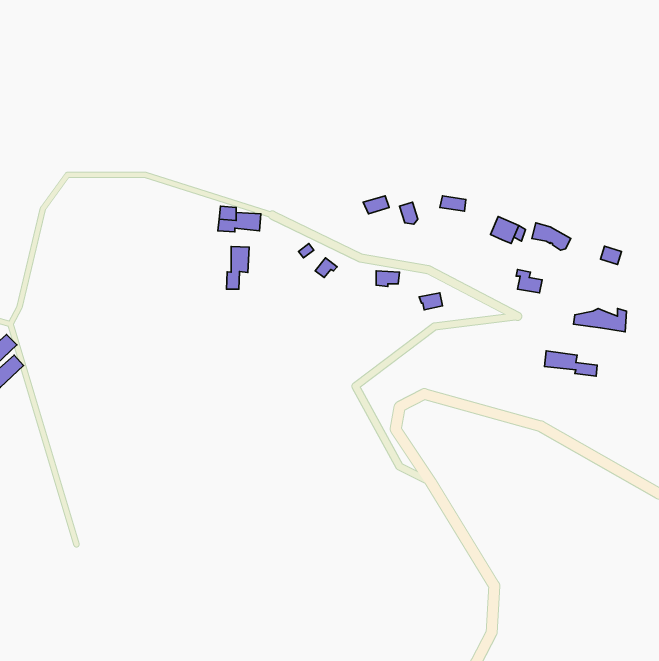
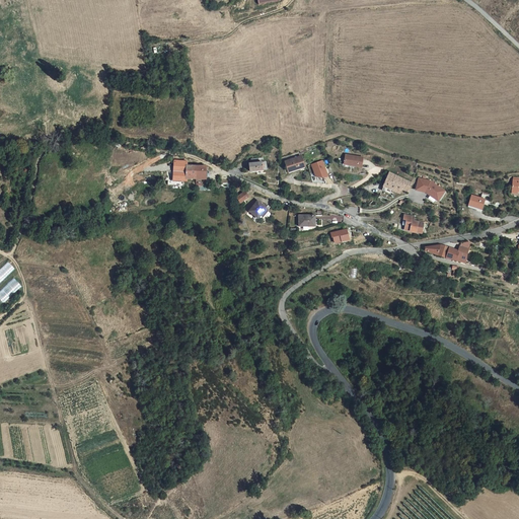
building: [227,246,249,289] -> none
building: [544,351,597,376] -> none

